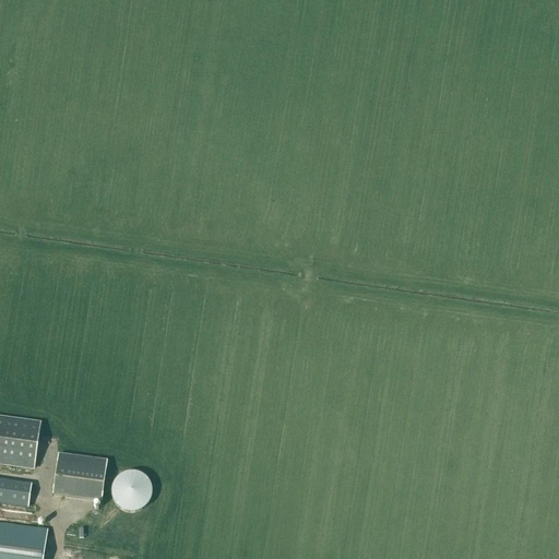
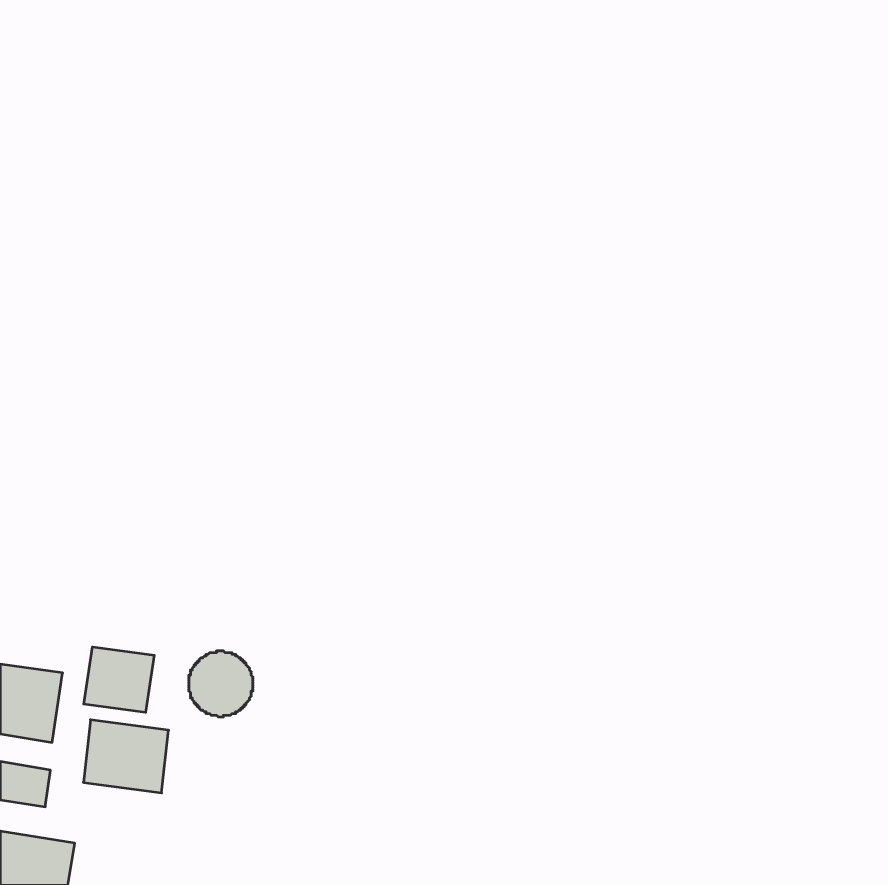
building: none -> [84,647,154,712]
building: [111,471,152,512] -> [189,651,253,717]

